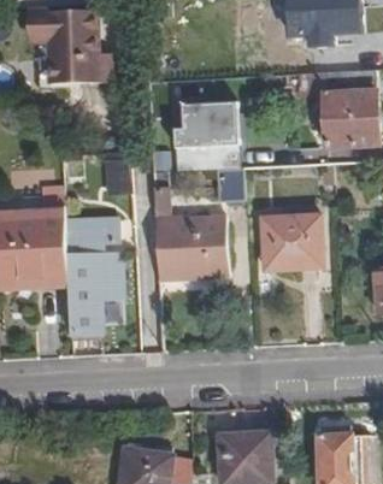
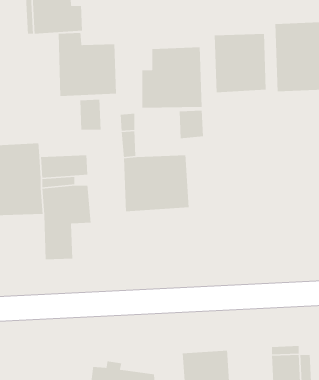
building: none -> [58,32,117,97]
building: none -> [214,33,267,93]
building: [263,217,320,271] -> none

